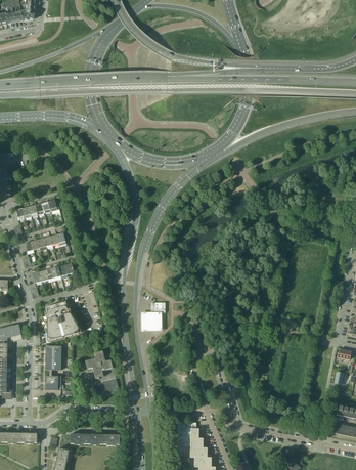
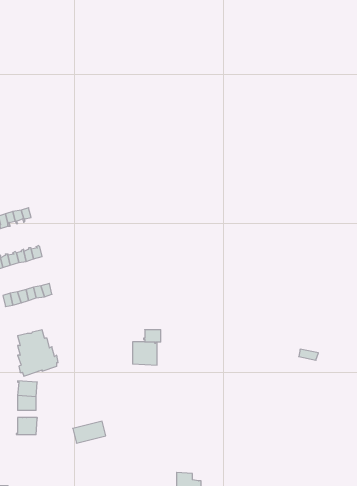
building: [85,350,113,379] -> none

